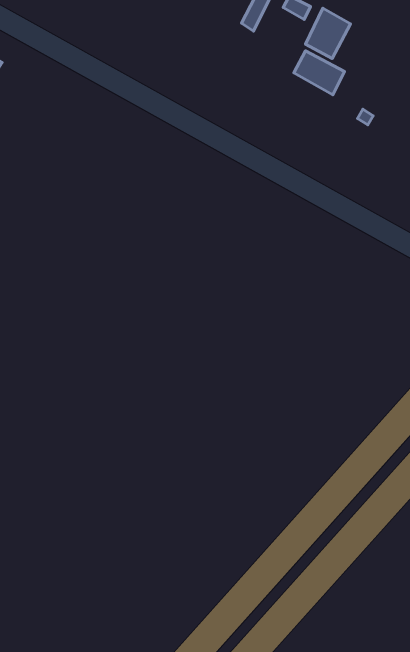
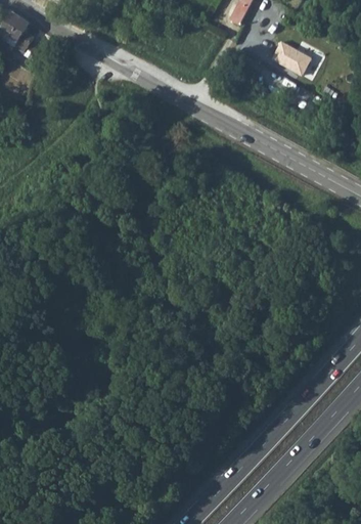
building: [305,8,351,58] -> none

